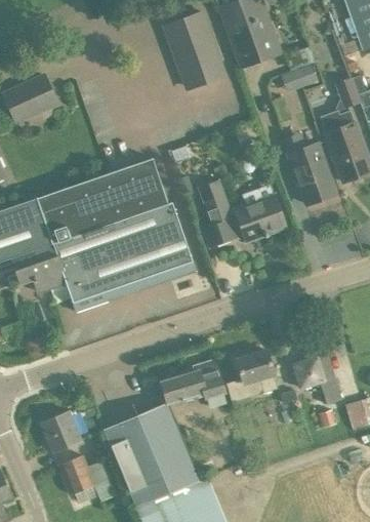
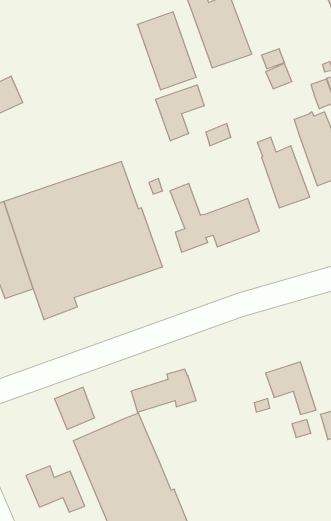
building: none -> [156,85,204,141]
building: [225,351,277,402] -> none
building: [41,411,80,452] -> [55,387,95,429]

